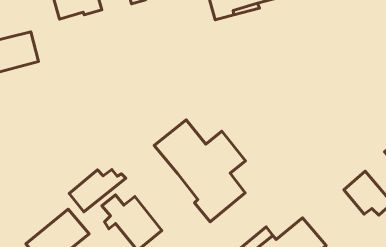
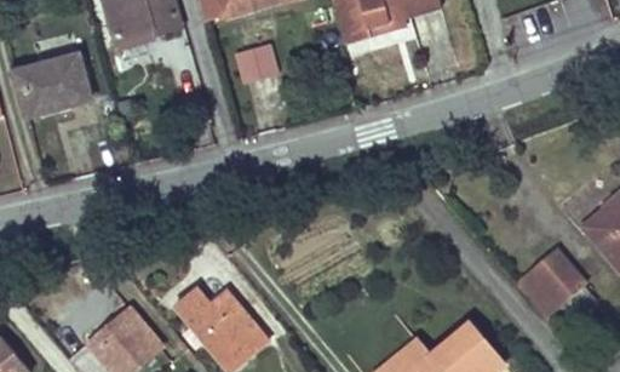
building: none -> [234,40,280,80]
building: [154,120,245,222] -> none
building: [69,169,126,212] -> none

